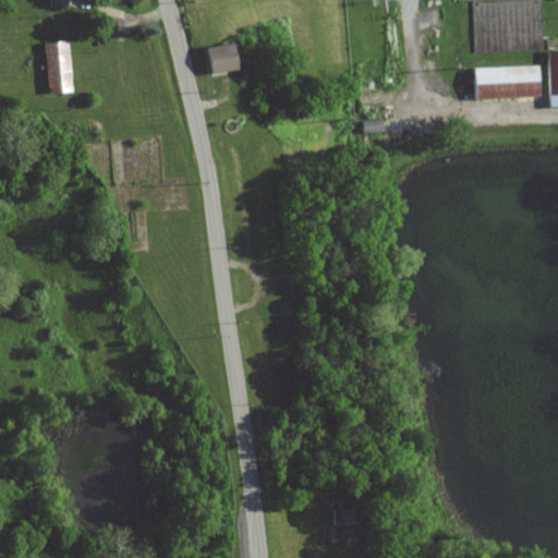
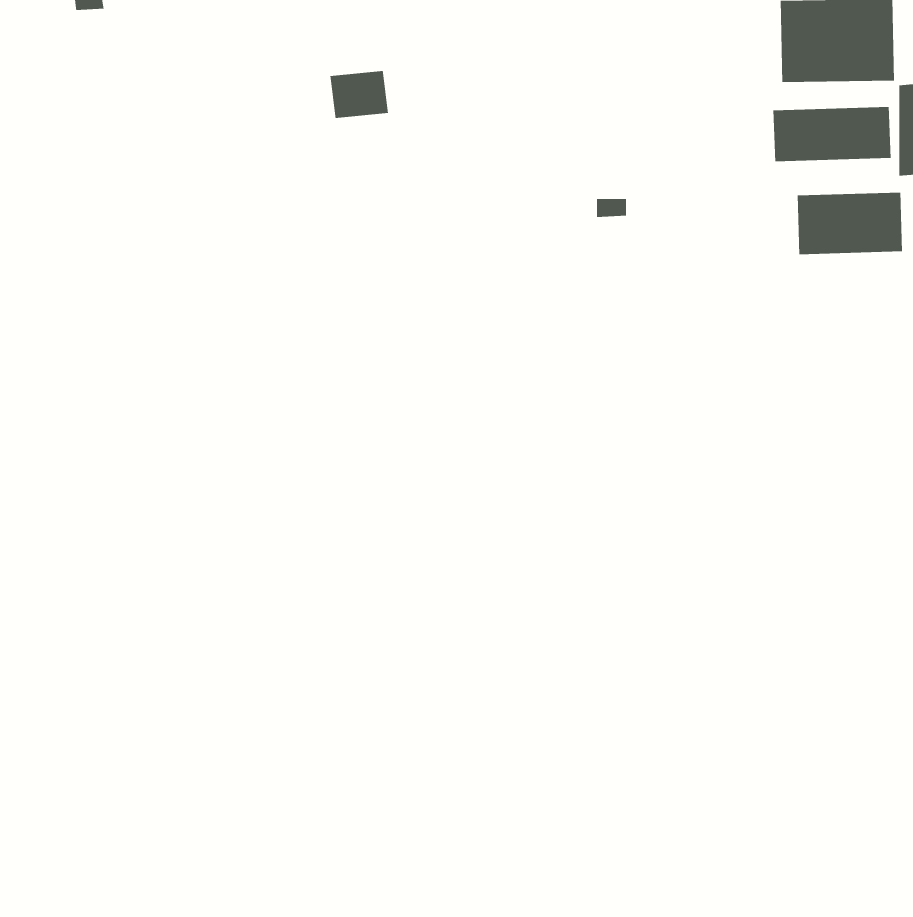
building: [45,40,75,93] -> none
building: none -> [797,192,903,255]

